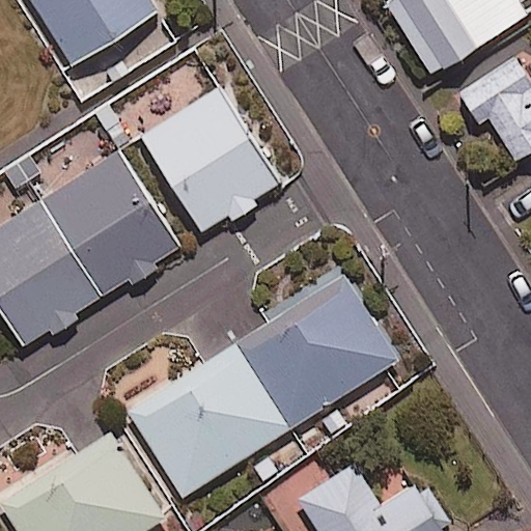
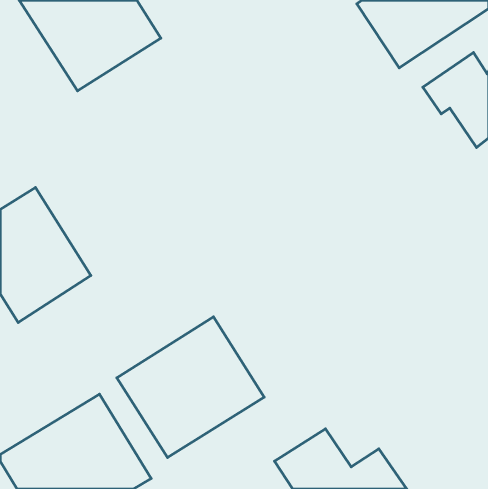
building: [137,84,277,229] -> none
building: [40,151,181,297] -> none
building: [232,274,398,430] -> none

